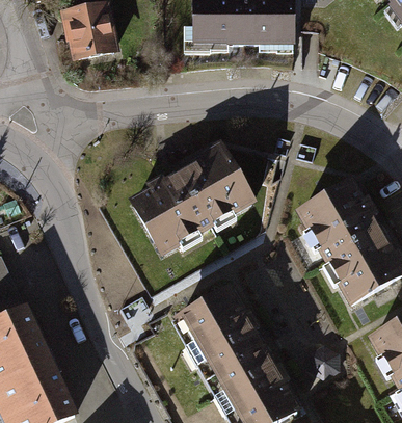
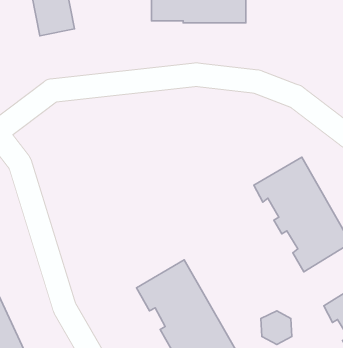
building: [134,151,252,253] -> none

